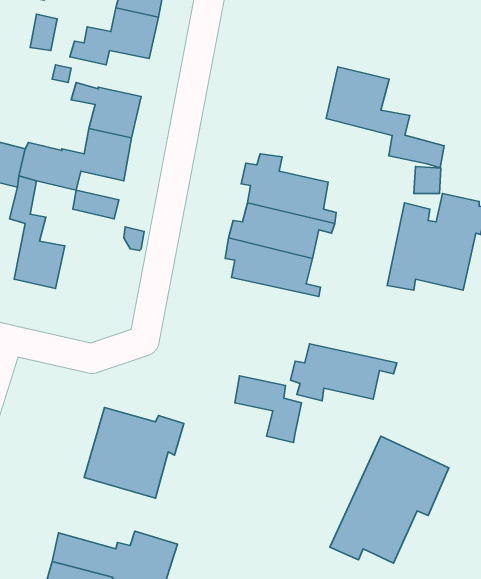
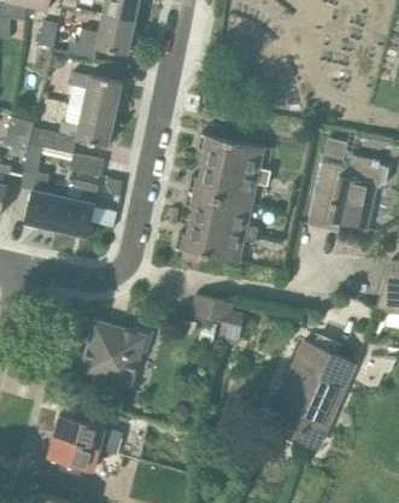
building: [326,67,444,168] -> none
building: none -> [57,180,99,236]
building: [291,344,397,401] -> [176,221,257,264]

